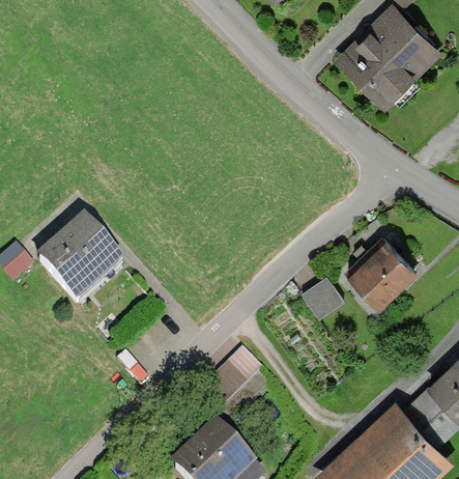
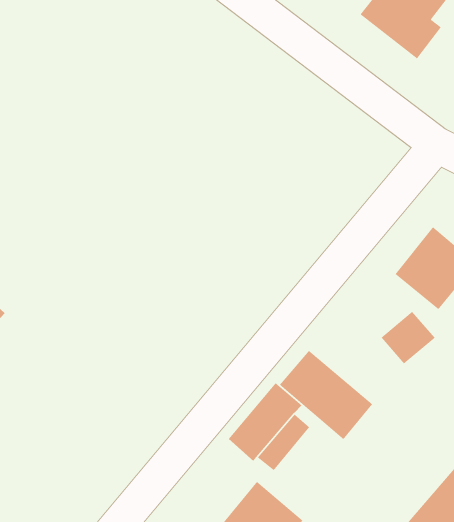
building: [40,221,118,299] -> none
building: [300,276,345,318] -> [380,311,436,364]
building: none -> [279,350,373,440]

